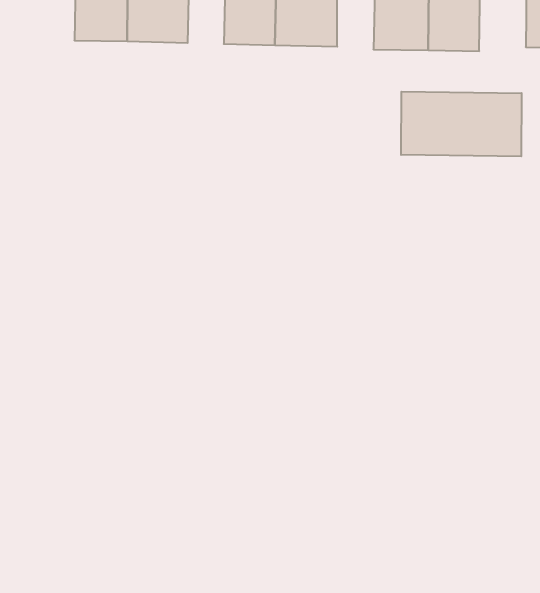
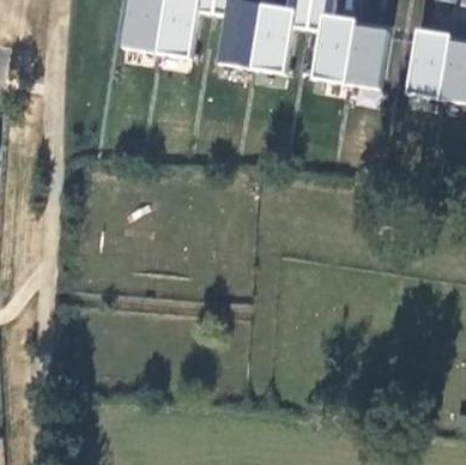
building: [401,92,522,156] -> none

